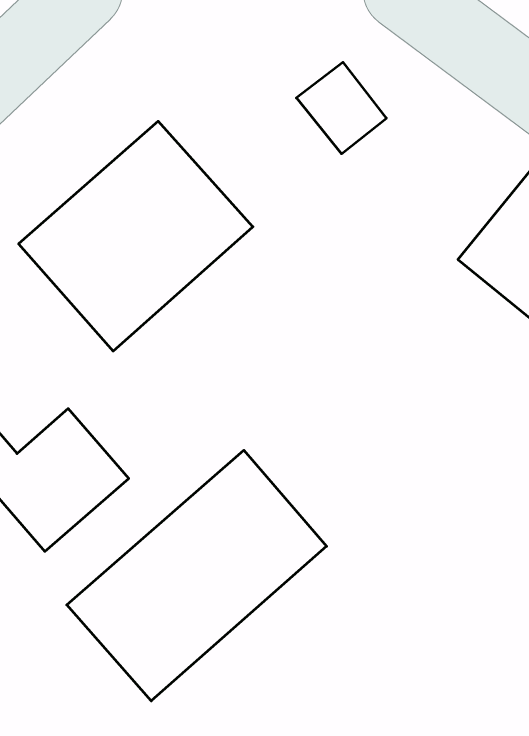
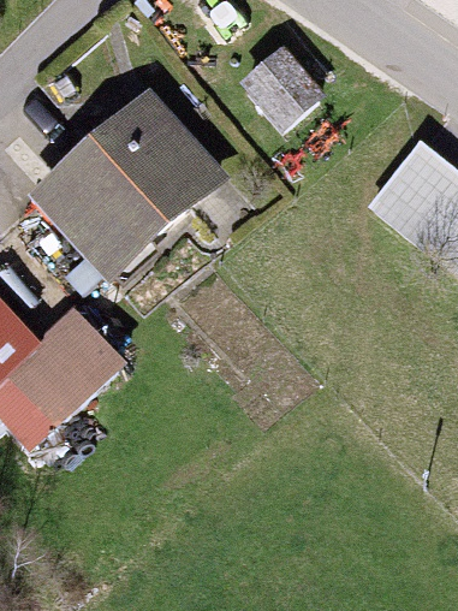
building: [67,450,327,701] -> none

